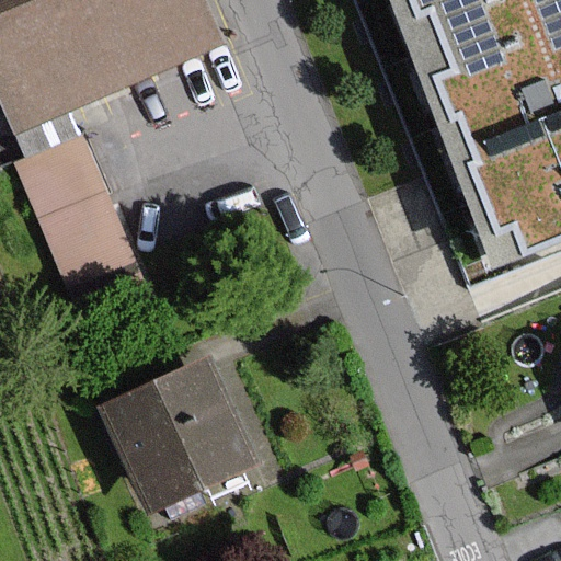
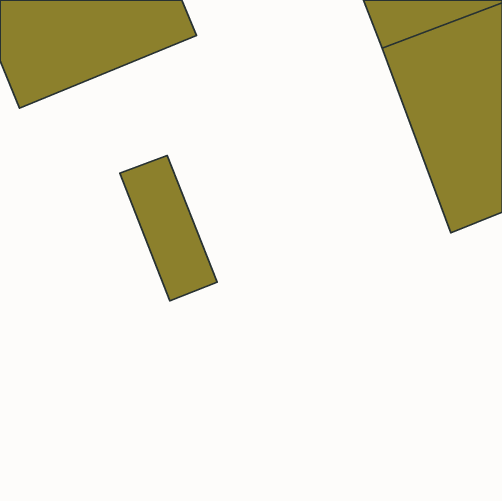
building: [23,116,131,278] -> [120,156,217,301]
building: [107,363,255,510] -> none

